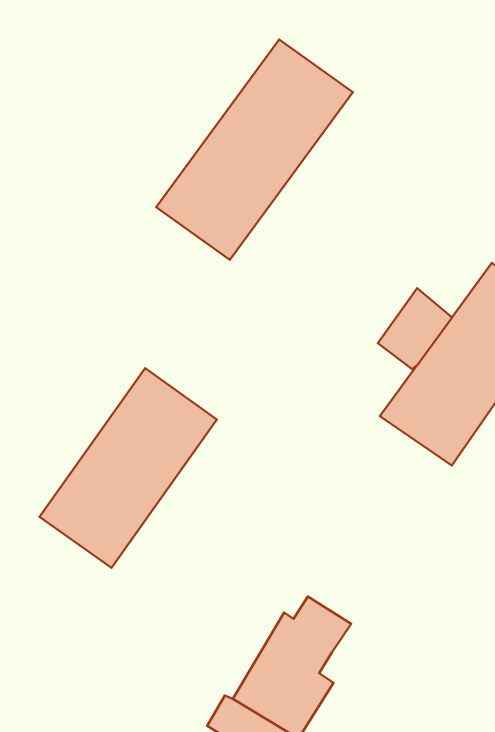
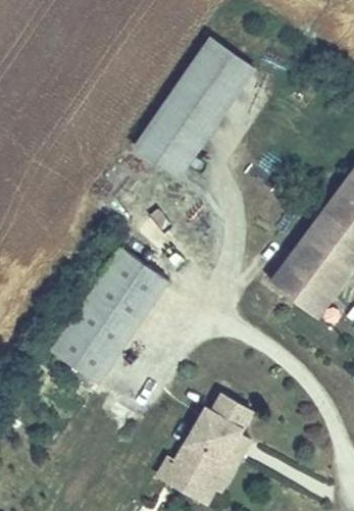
building: [378,288,452,369] -> none

